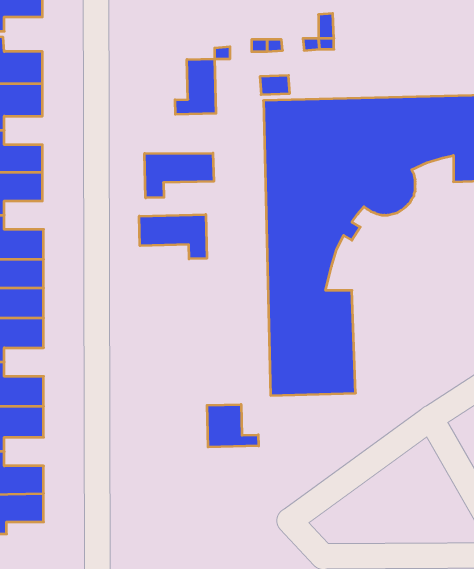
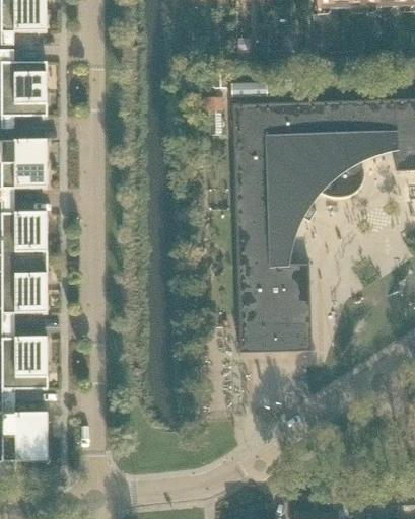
building: [175,59,216,114] -> none
building: [145,153,214,198] -> none
building: [139,214,207,259] -> none
building: [207,404,259,447] -> none

